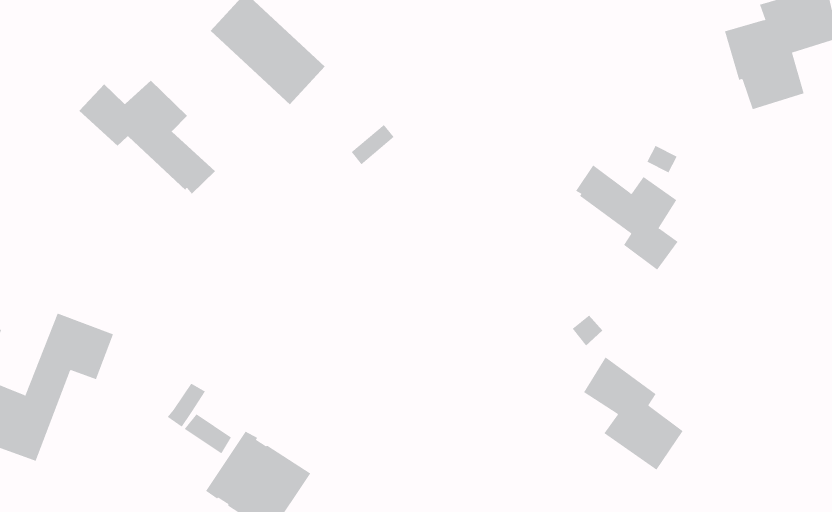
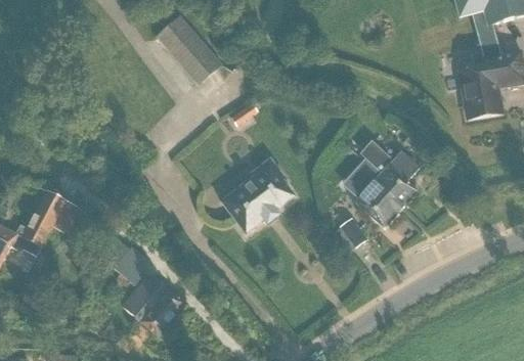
building: [79,80,216,195] -> none
building: none -> [220,157,295,233]
building: [583,356,684,471] -> [346,156,402,227]

